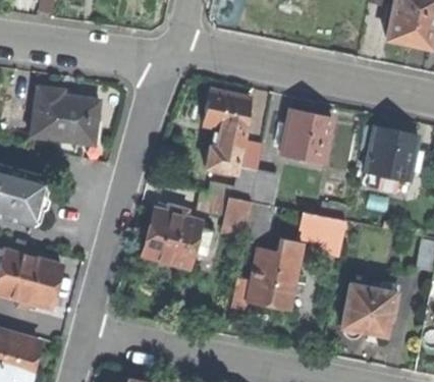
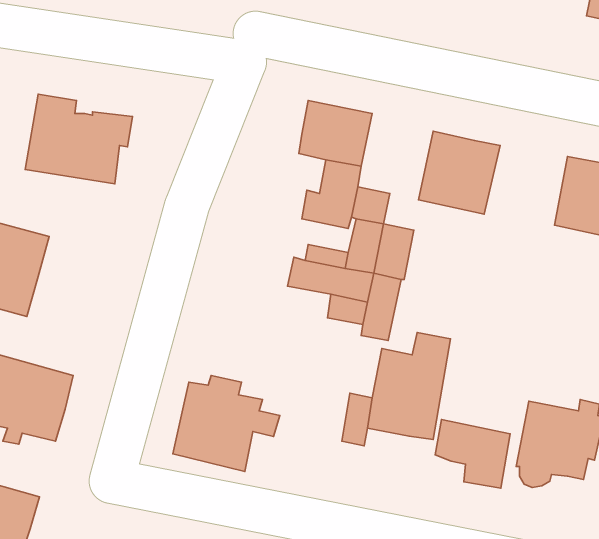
building: [144,206,212,267] -> [173,376,280,471]
building: [300,209,347,253] -> [435,420,510,488]

